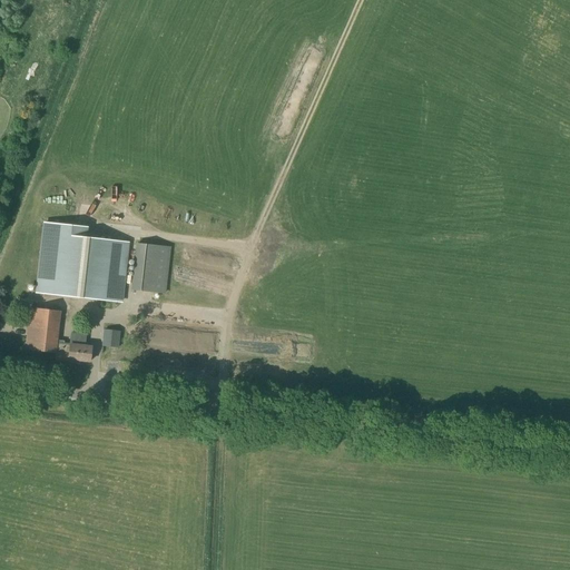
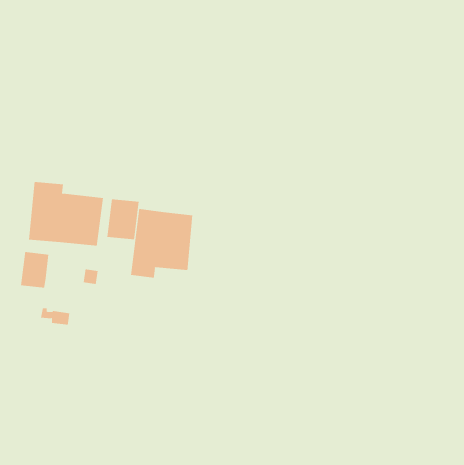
building: none -> [131,208,193,279]
building: [57,340,94,361] -> [40,308,70,325]

